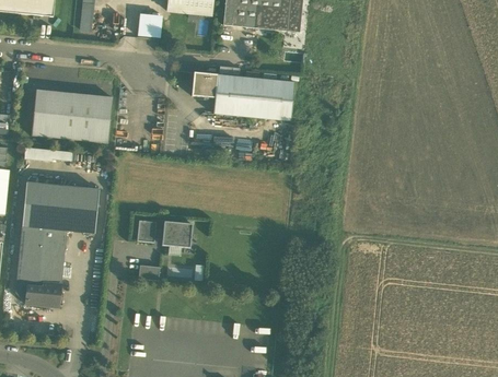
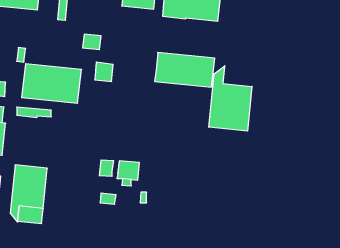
building: [137,17,162,38] -> [83,34,101,50]
building: [192,72,217,98] -> [95,62,113,81]
building: none -> [209,66,252,131]
building: [22,182,99,234] -> none

